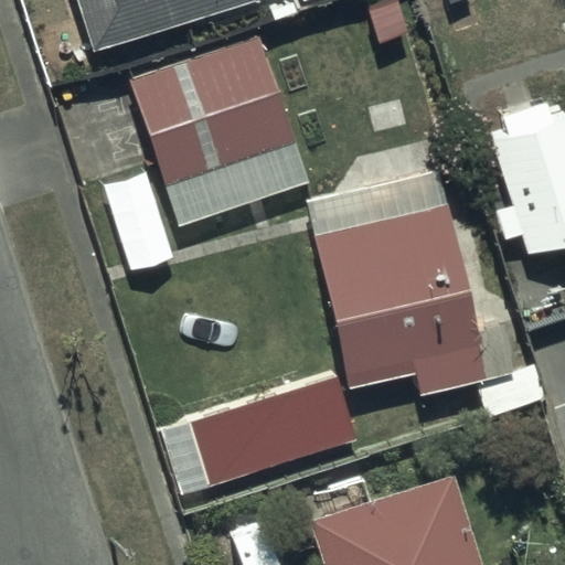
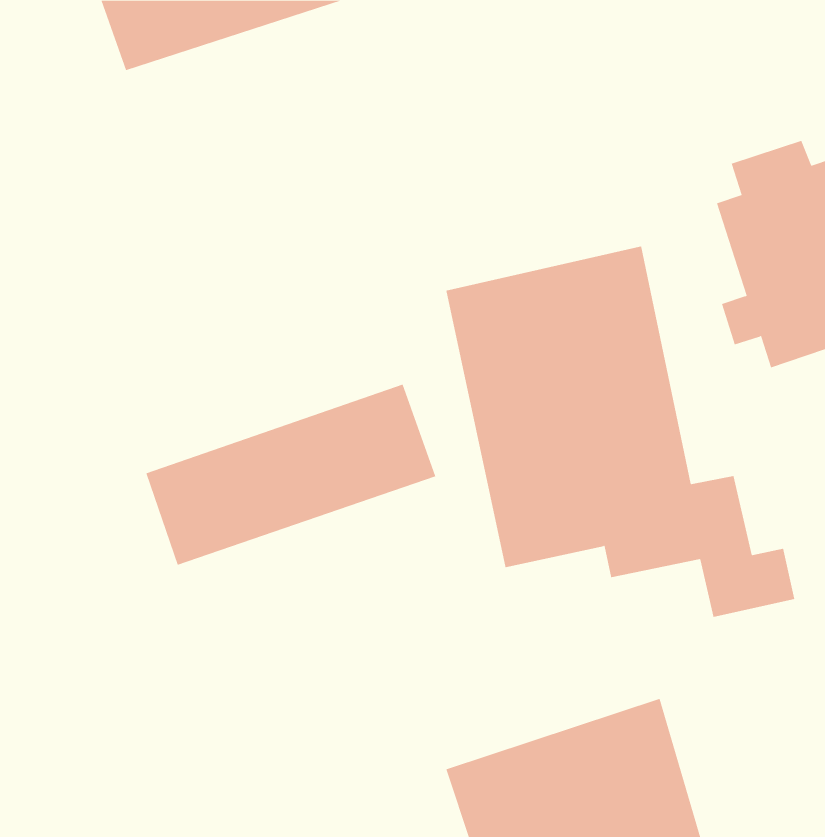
building: [131,40,309,226] -> none
building: [163,374,358,495] -> [146,384,436,565]

